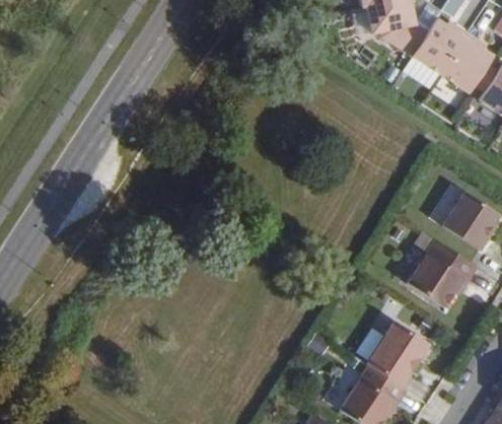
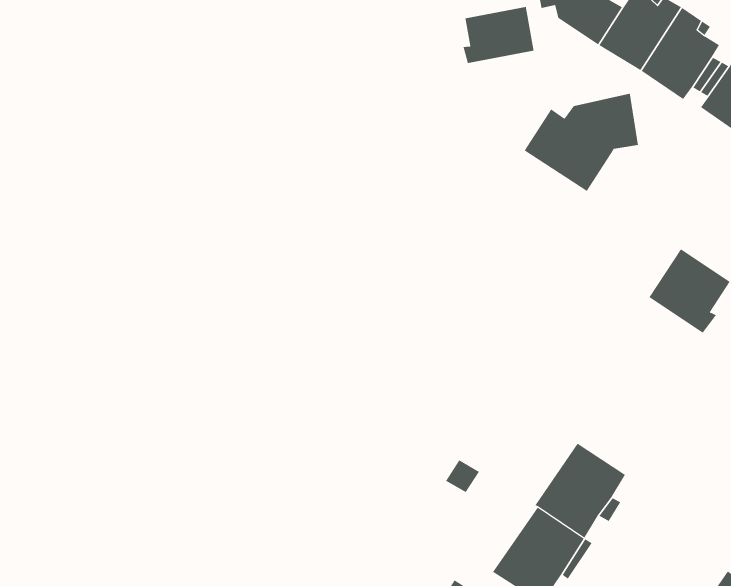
building: none -> [463,6,534,64]
building: none -> [524,93,639,192]
building: [409,239,477,305] -> none

